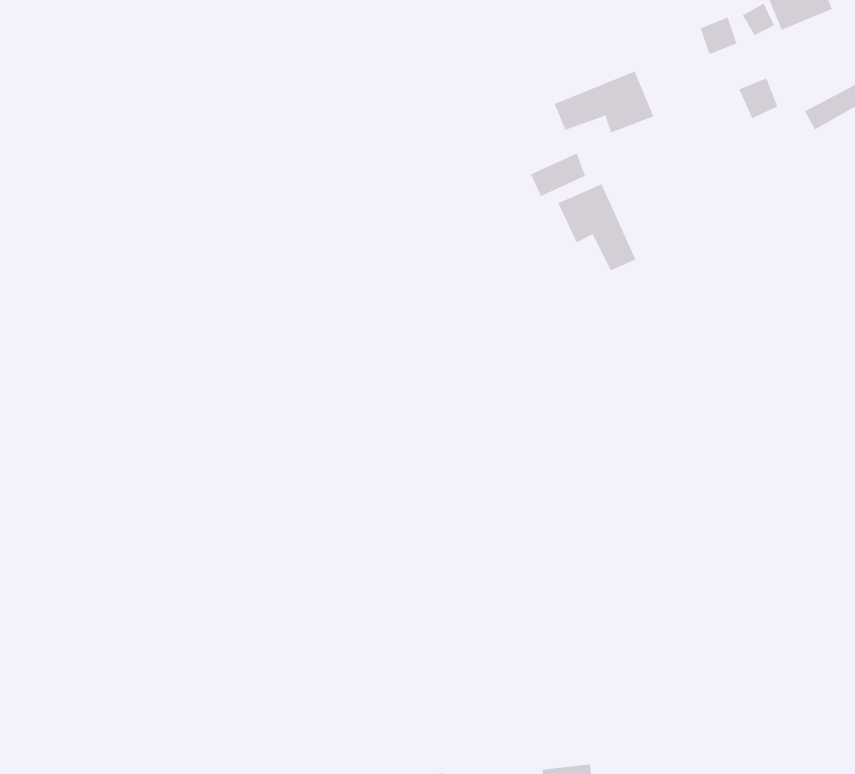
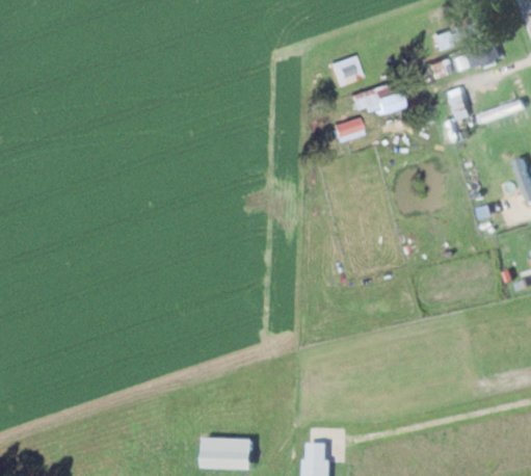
building: none -> [329,54,362,86]
building: [558,184,636,271] -> none

